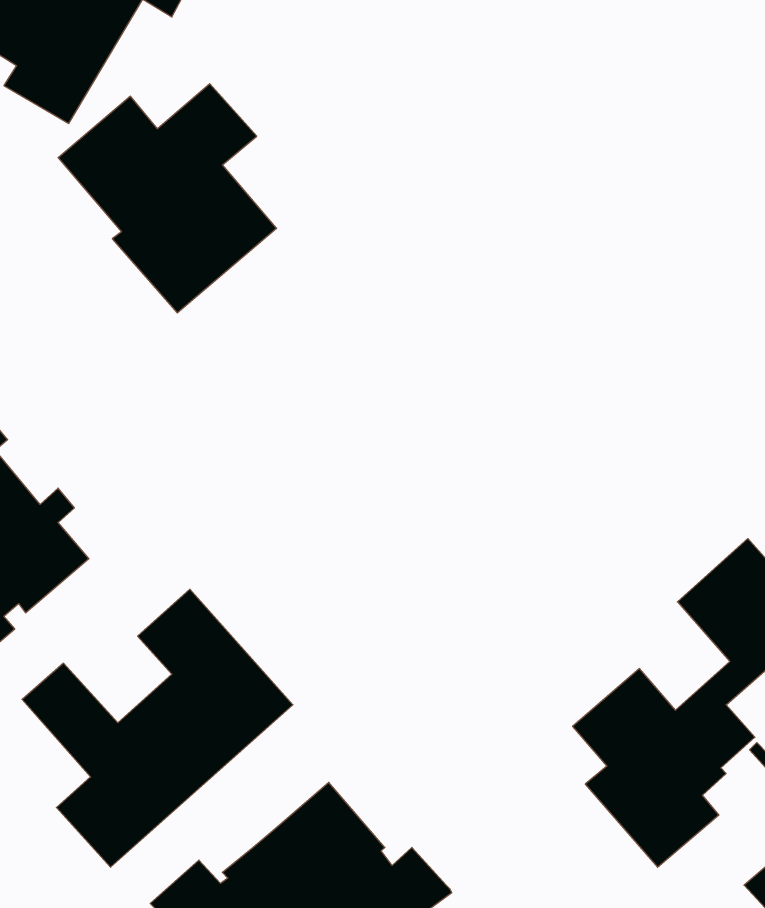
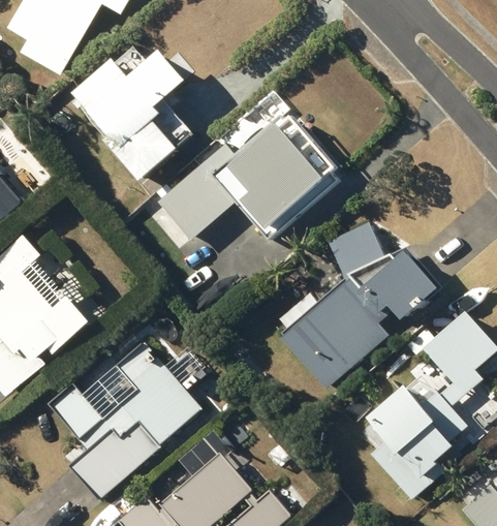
building: none -> [157,118,345,244]
building: none -> [281,223,434,389]

